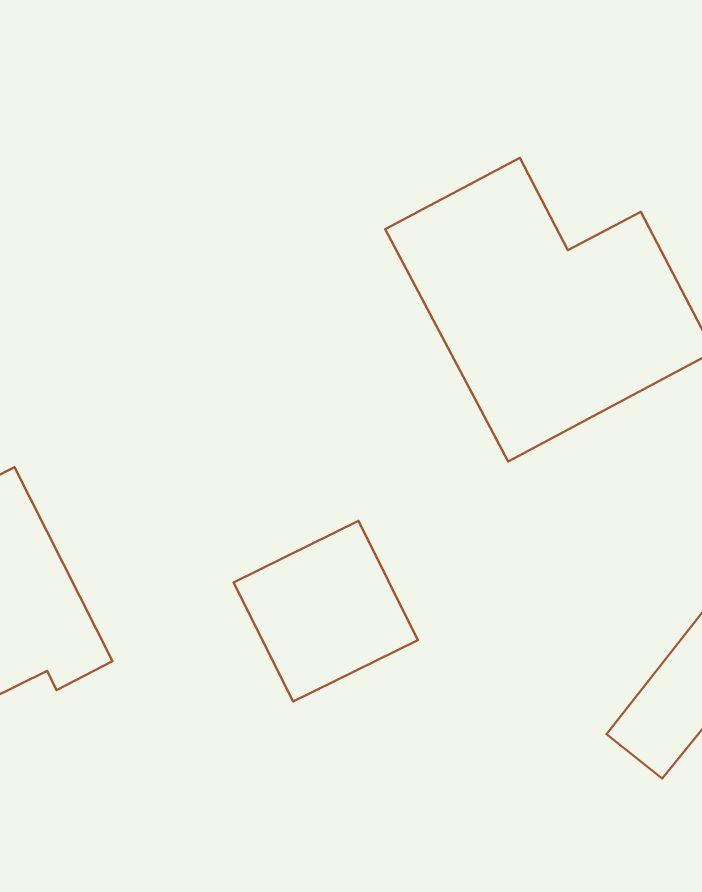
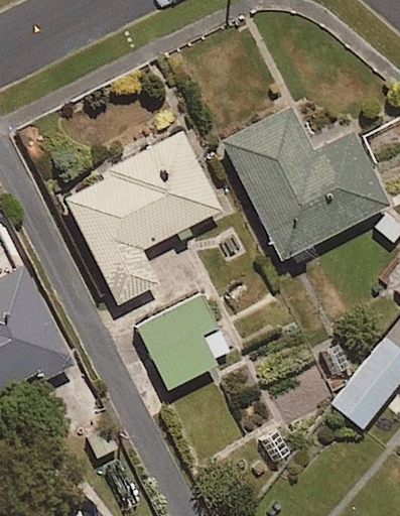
building: none -> [65,130,222,302]

